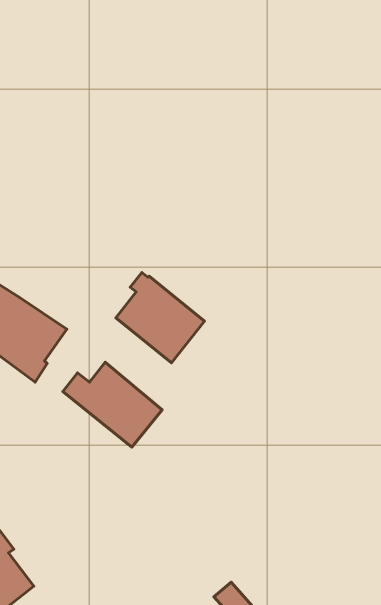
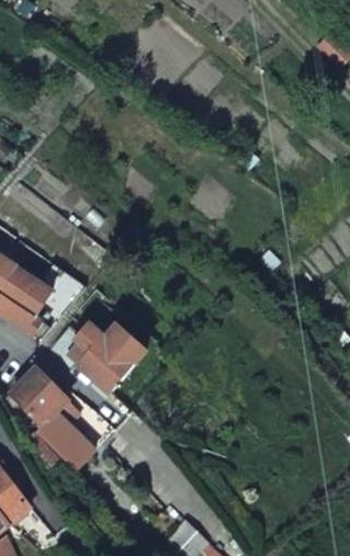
building: [116,273,205,363] -> none
building: none -> [11,364,95,467]

